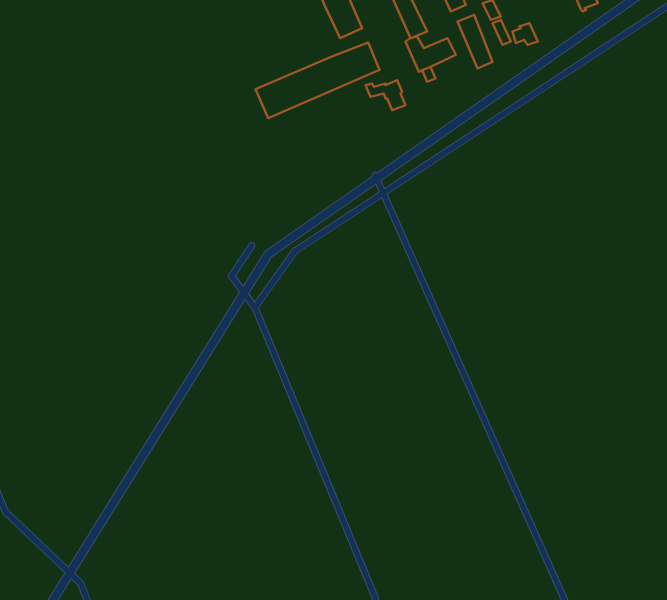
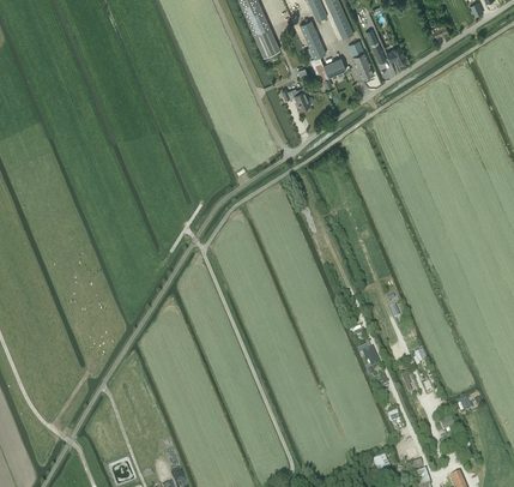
building: [255,42,379,118] -> none

